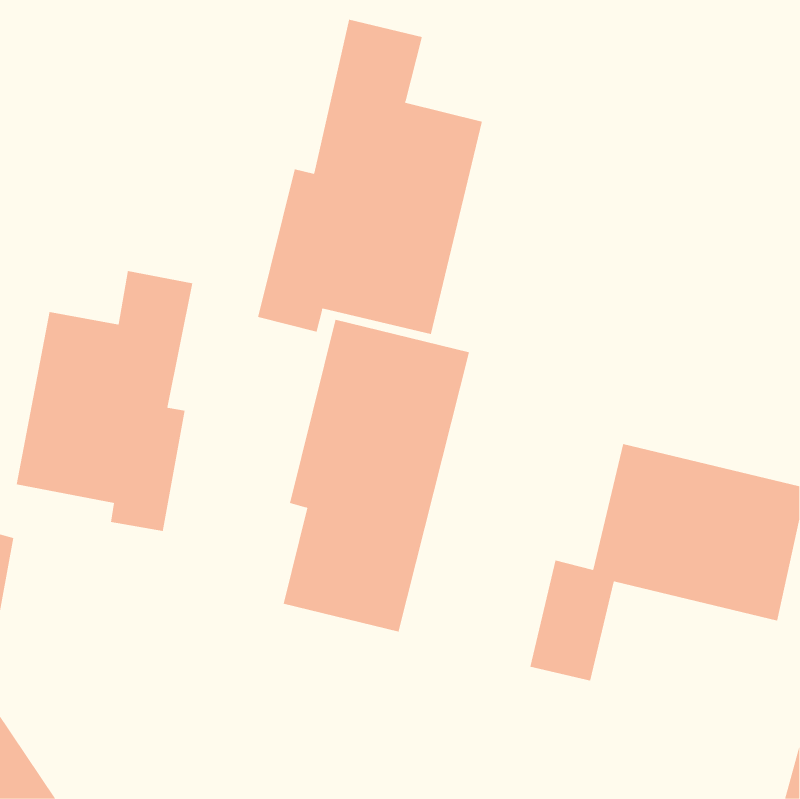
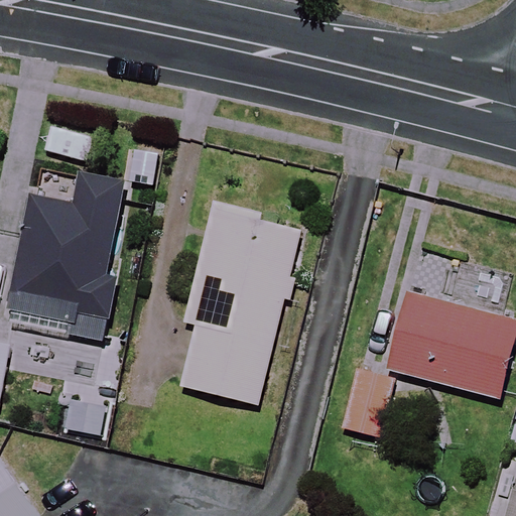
building: [258,19,482,335] -> none

